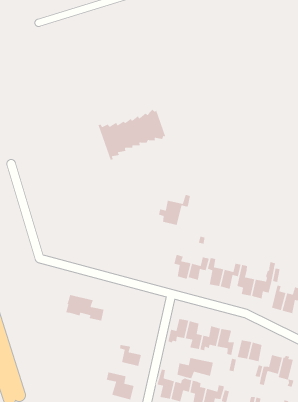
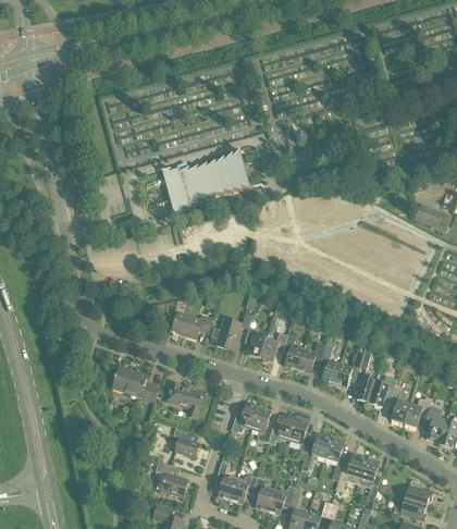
building: [158,194,191,226] -> [211,312,251,349]
building: none -> [171,311,210,339]
building: none -> [165,382,203,417]
building: [177,357,214,379] -> none

